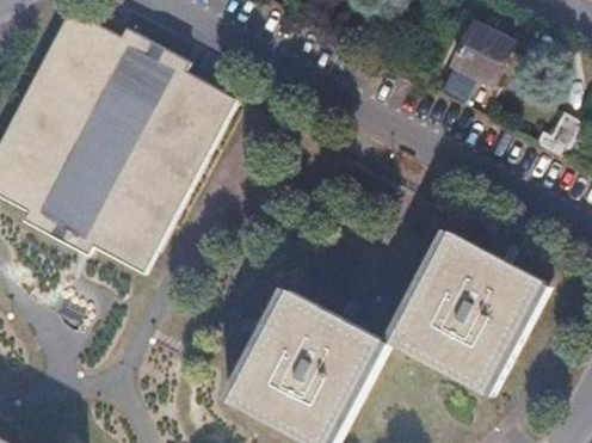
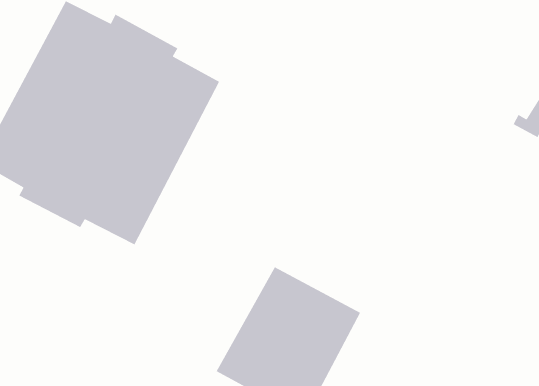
building: [452,23,513,87] -> none
building: [394,235,545,395] -> none

